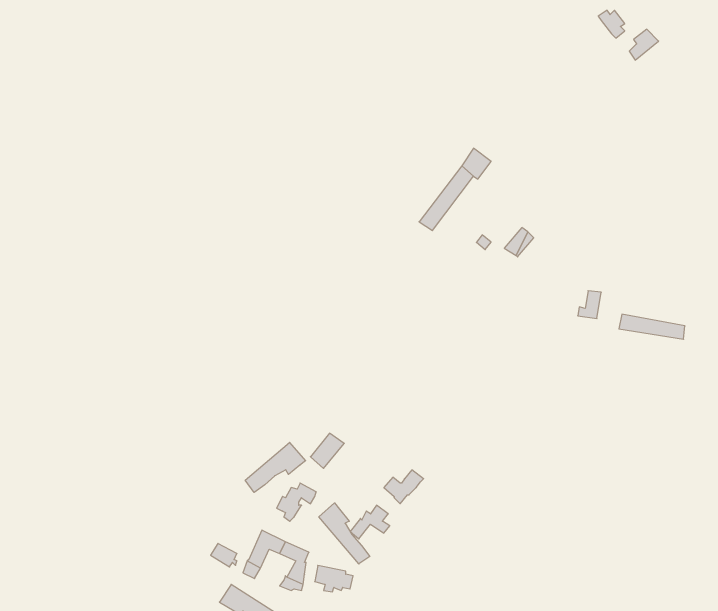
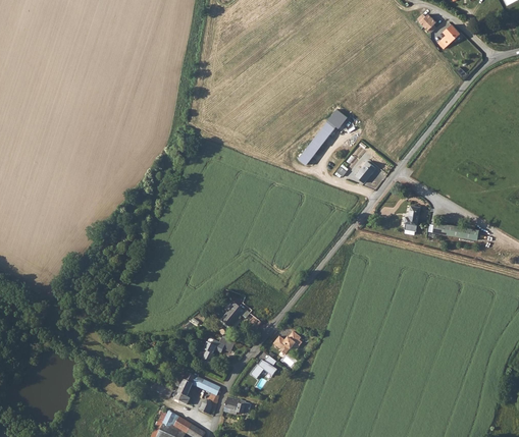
building: [245,442,306,492] -> none
building: [319,503,370,564] -> none

